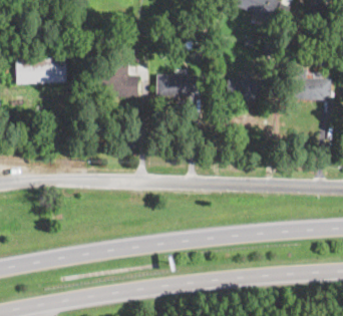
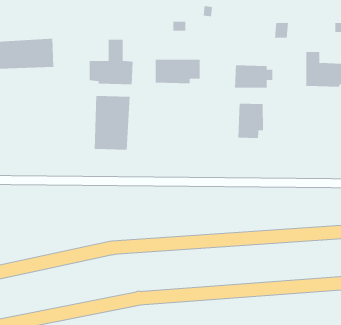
building: none -> [94,95,130,151]
building: none -> [238,103,264,139]

